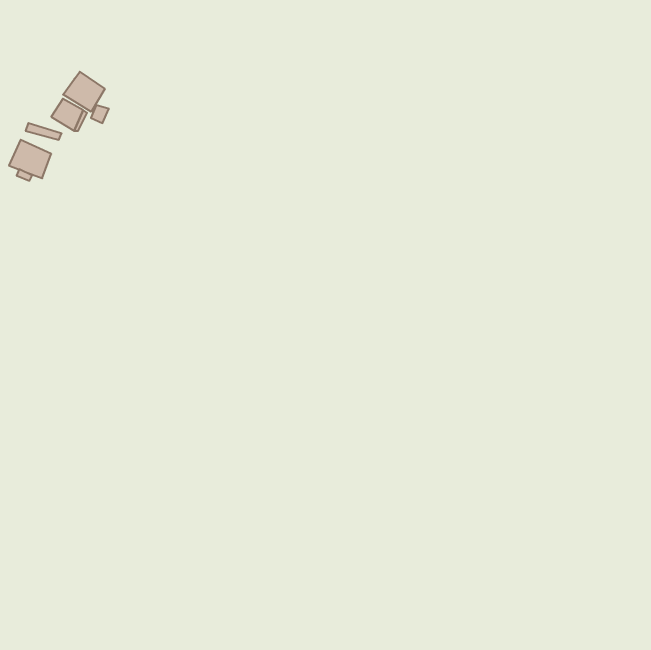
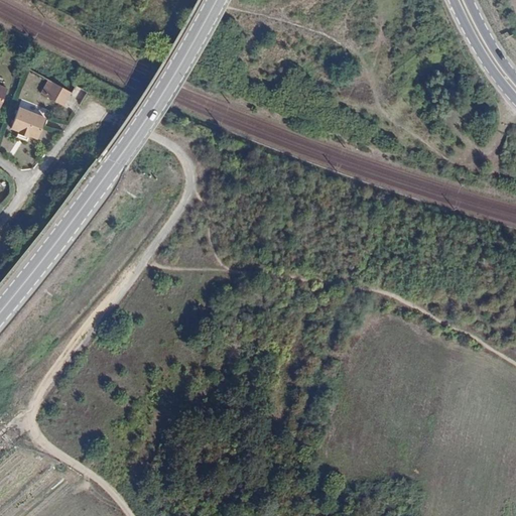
building: [63,72,105,112] -> none

